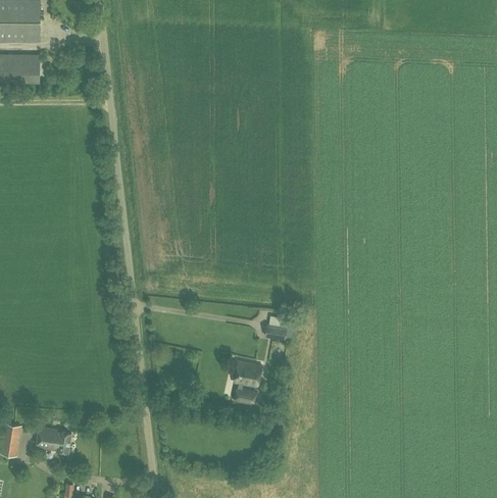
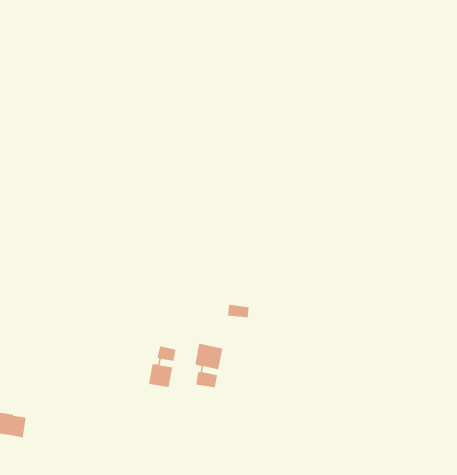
building: none -> [148,346,176,388]

